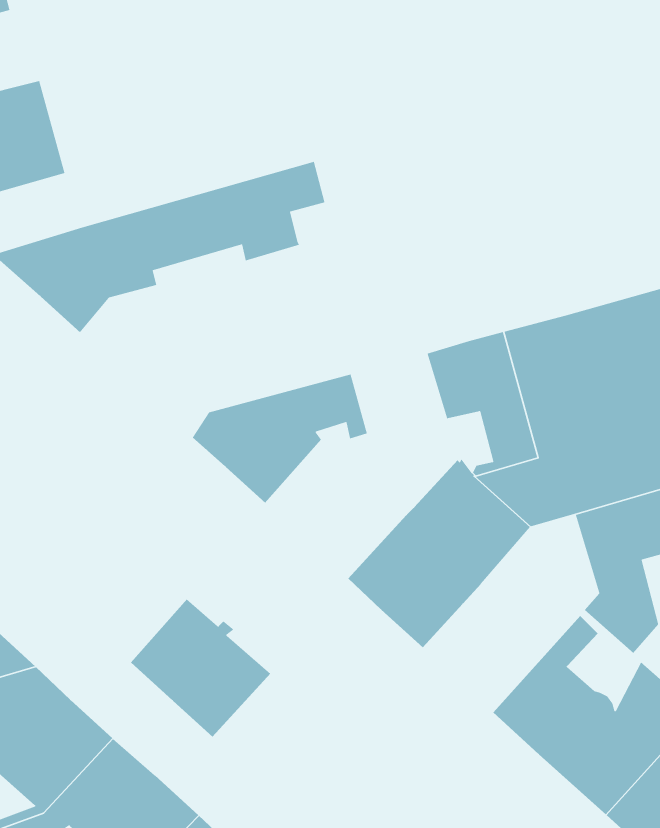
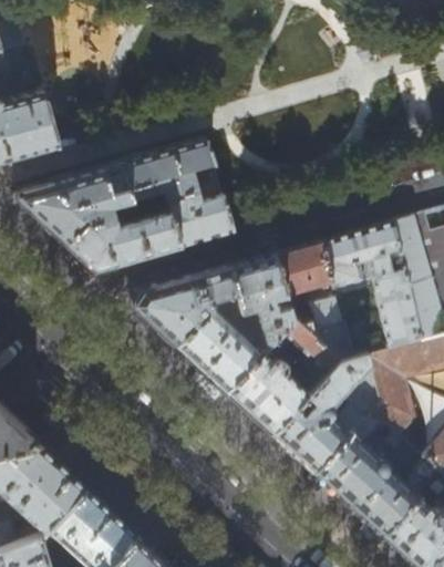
building: none -> [65,190,234,271]
building: none -> [229,256,293,349]
building: none -> [272,353,379,473]
building: [130,598,271,738] -> [177,308,262,392]

